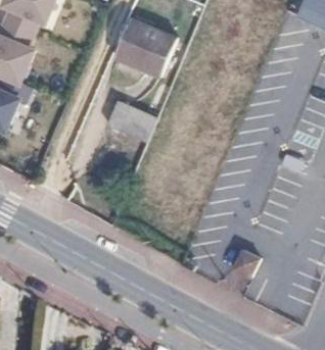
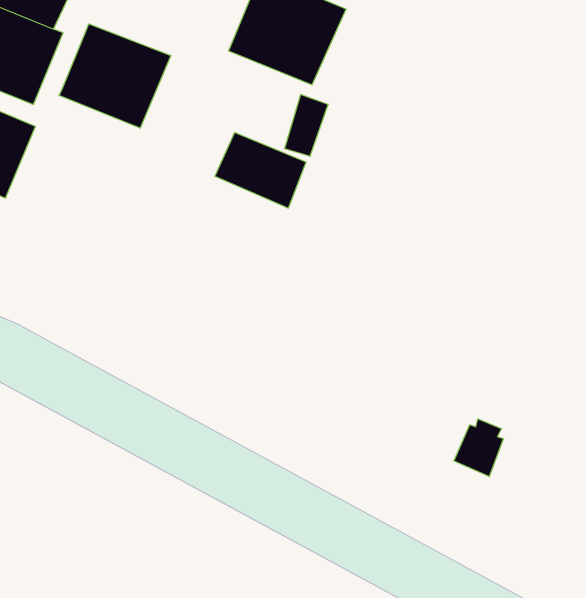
building: none -> [59,24,171,128]

